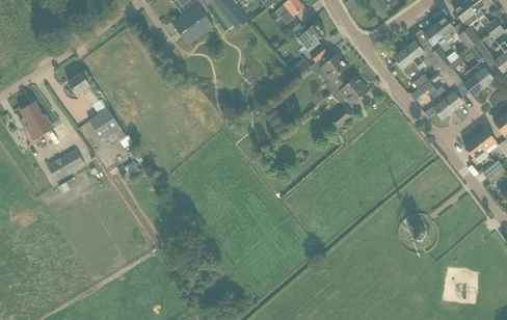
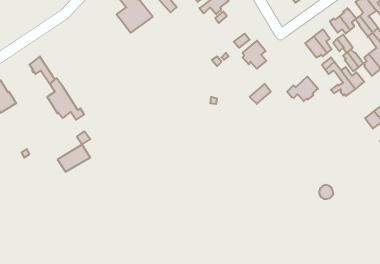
building: [297,22,325,52] -> none
building: [331,76,368,105] -> [287,77,318,101]
building: [47,149,85,181] -> [58,144,90,172]

